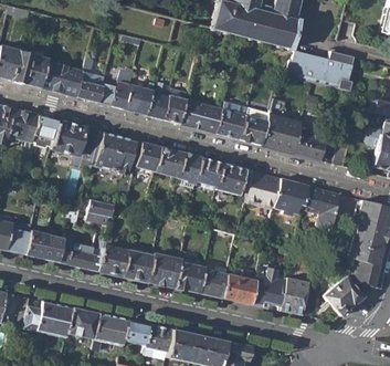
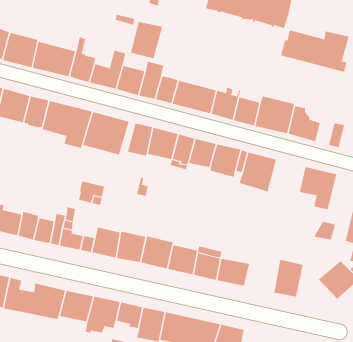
building: none -> [130,21,163,59]
building: [276,179,312,217] -> none
building: [252,271,286,311] -> none

